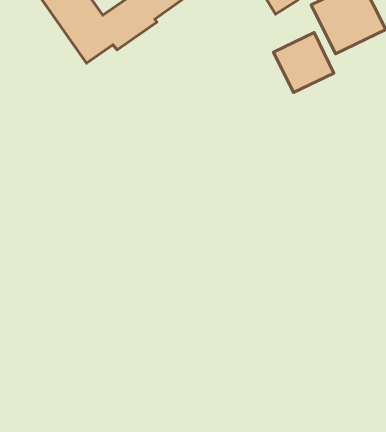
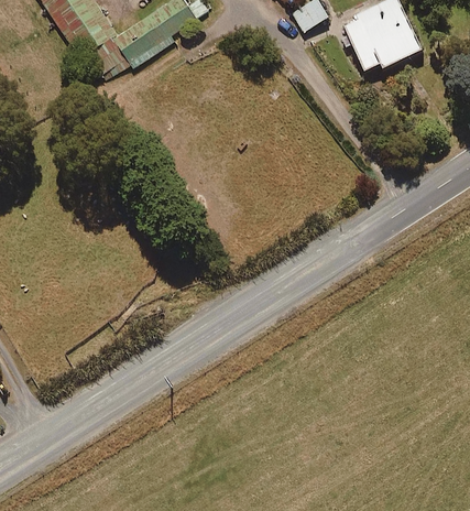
building: [274,33,334,93] -> none

